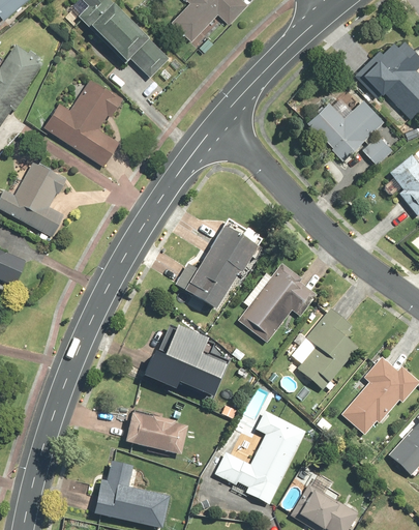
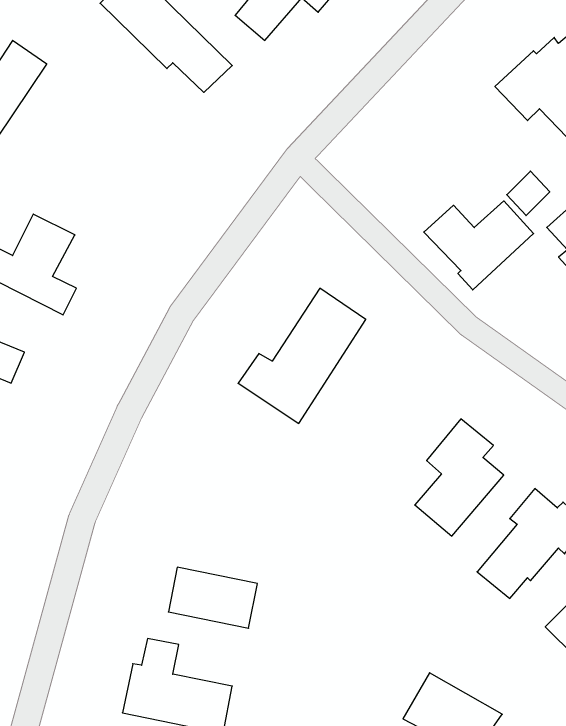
building: [42,78,124,169] -> none
building: [308,98,385,160] -> [424,201,534,290]
building: [237,262,318,342] -> none
building: [145,330,227,395] -> none
building: [214,409,307,504] -> none

